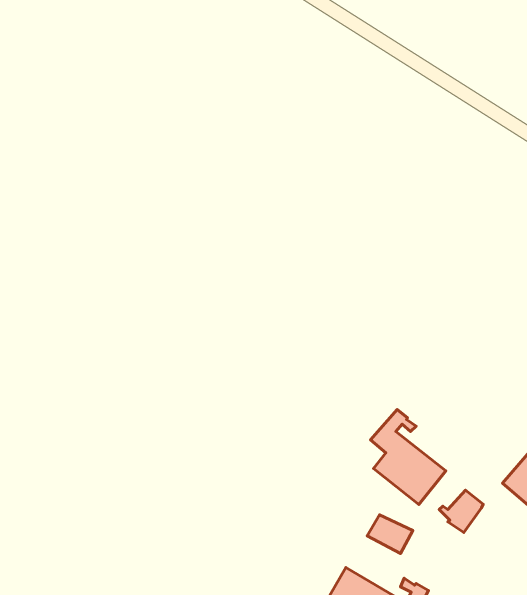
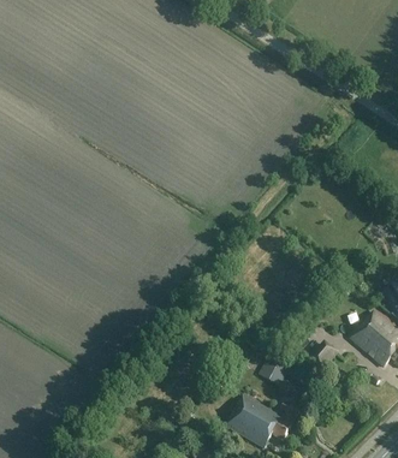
building: [370,409,446,505] -> none

